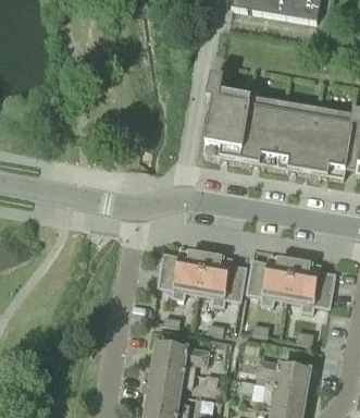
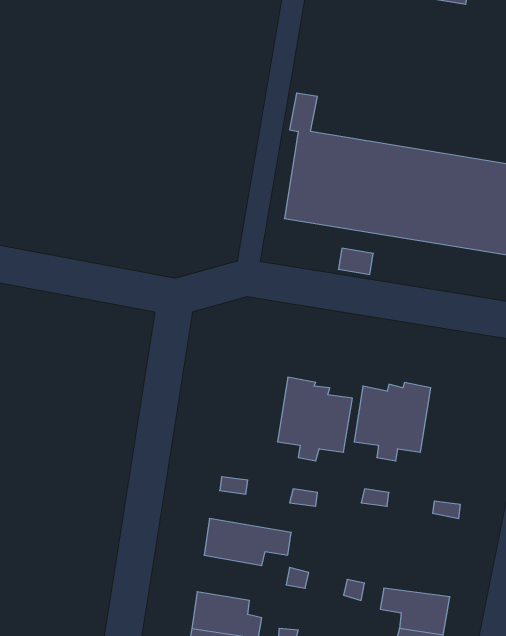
building: [158,248,206,296] -> none
building: [288,258,335,310] -> none
building: [256,357,310,389] -> none
building: [149,362,195,391] -> none

